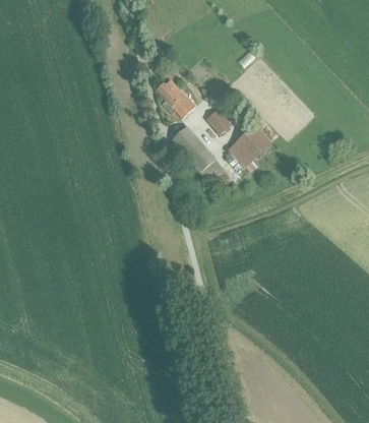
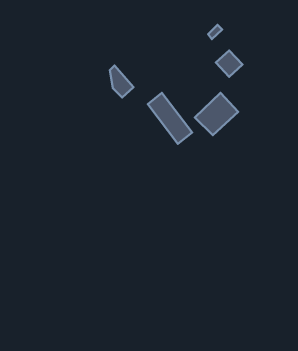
building: [163,79,188,114] -> [110,65,133,97]
building: [203,109,232,137] -> [216,50,242,77]

